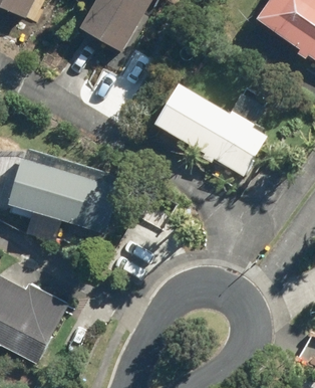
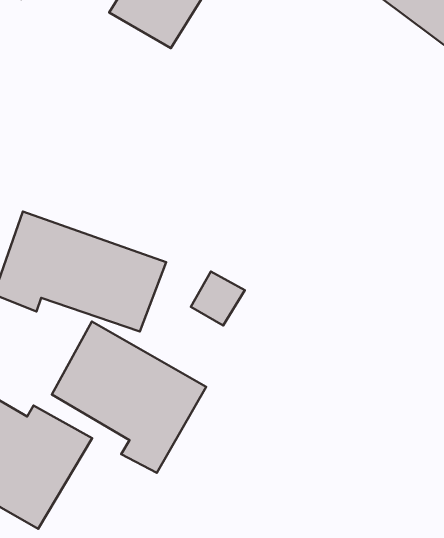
building: [154,82,266,176] -> none
building: none -> [52,322,206,473]

